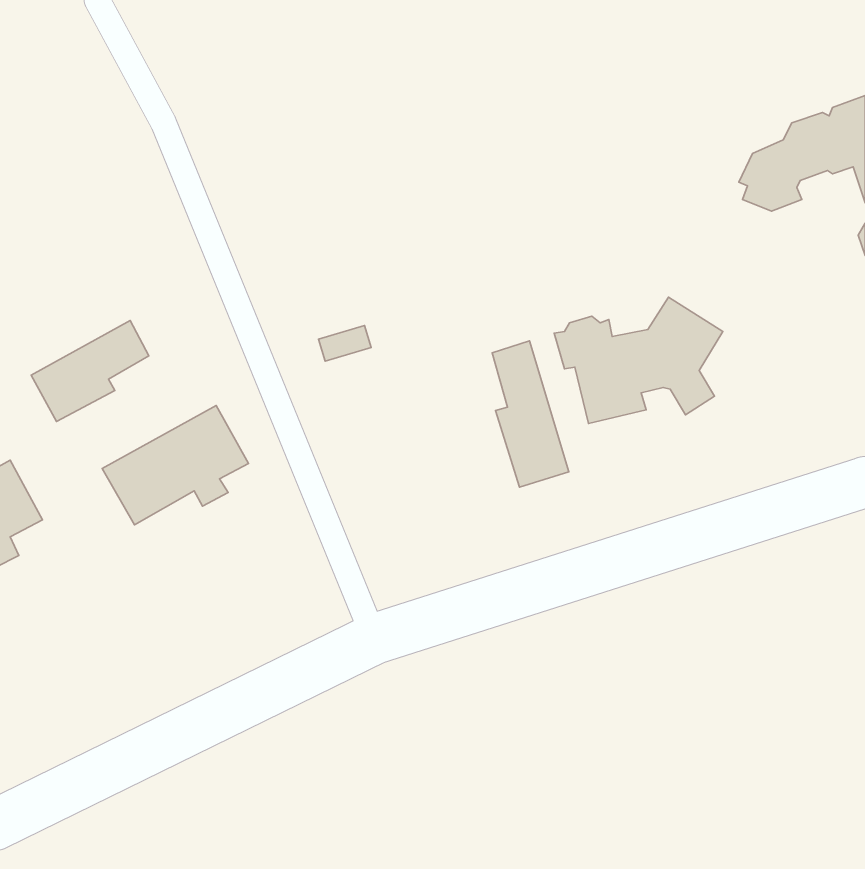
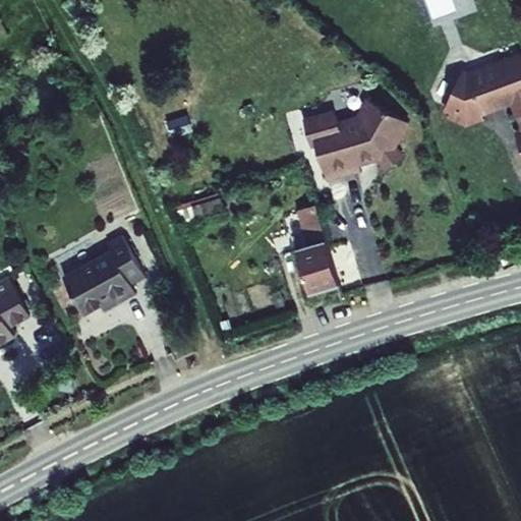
building: [554,297,723,423] -> [303,104,404,179]
building: [31,320,149,422] -> none

